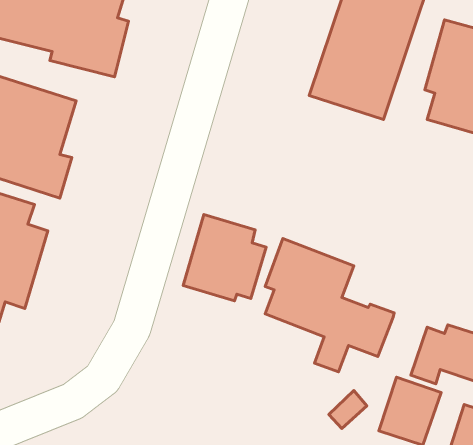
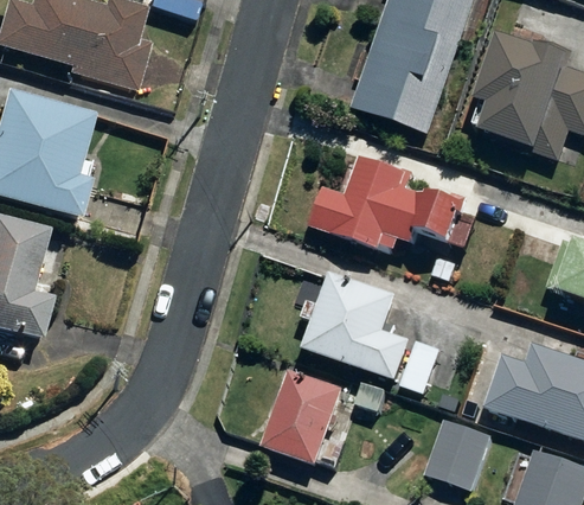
building: none -> [313,154,479,250]
building: [183,215,266,301] -> [261,370,351,464]

